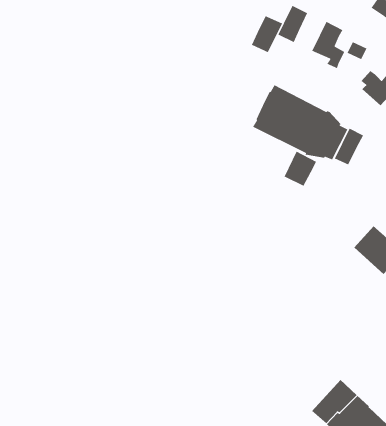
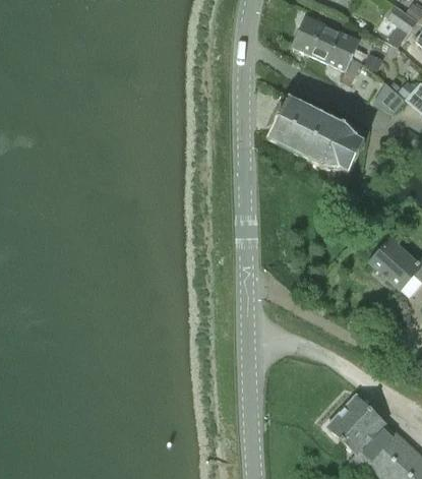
building: [251,15,283,53] -> [309,22,342,61]
building: [334,127,364,166] -> none
building: [284,151,317,187] -> none

